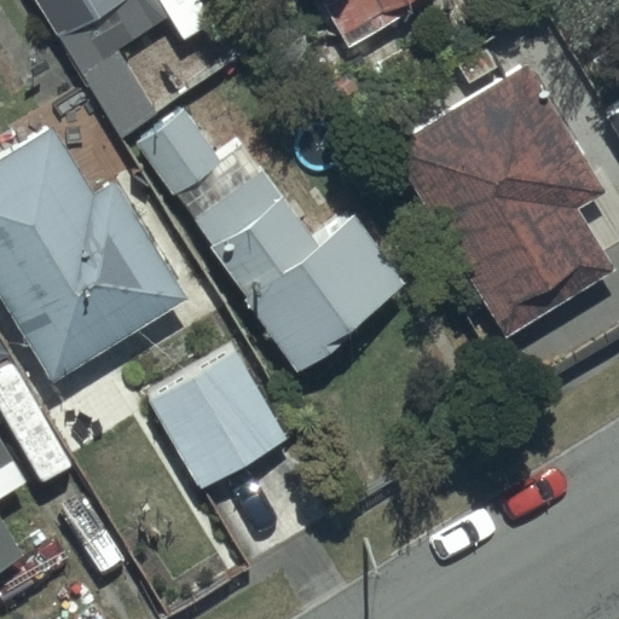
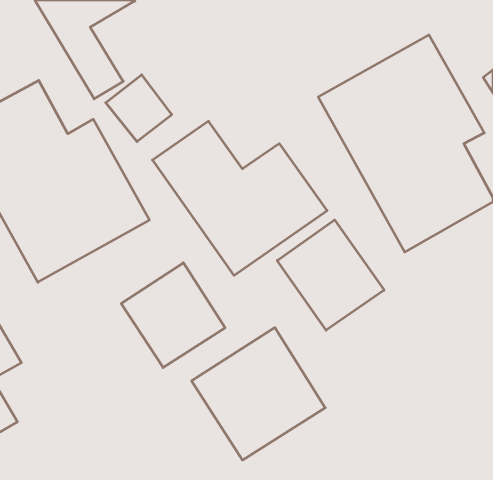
building: none -> [277,220,384,330]
building: none -> [192,328,325,460]

